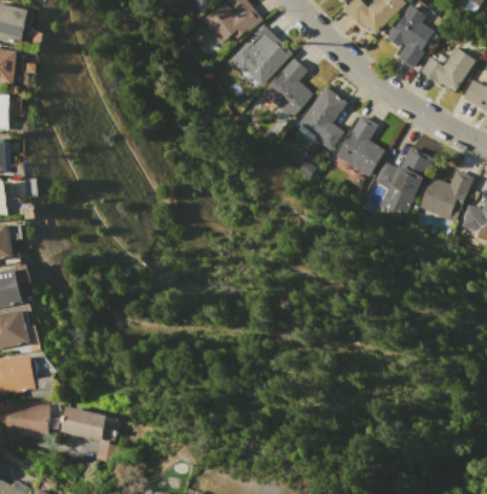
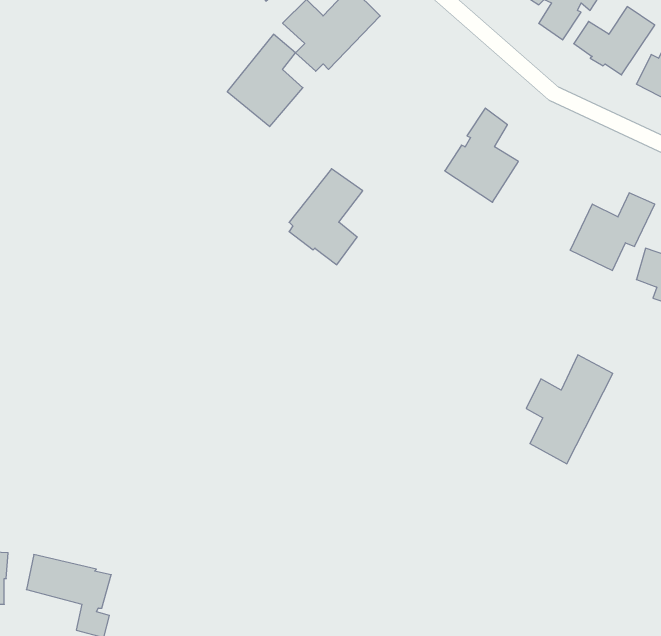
building: [262,57,312,117] -> [227,34,303,127]
building: [298,87,347,150] -> [289,169,363,265]
building: [376,146,433,217] -> [526,355,613,464]

